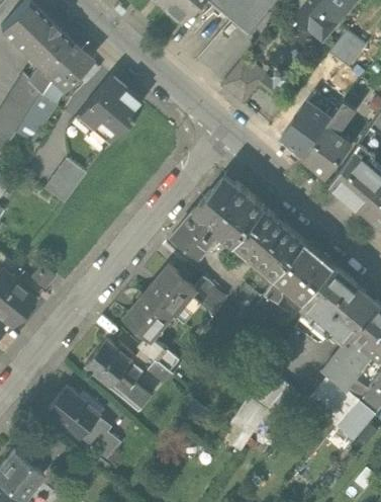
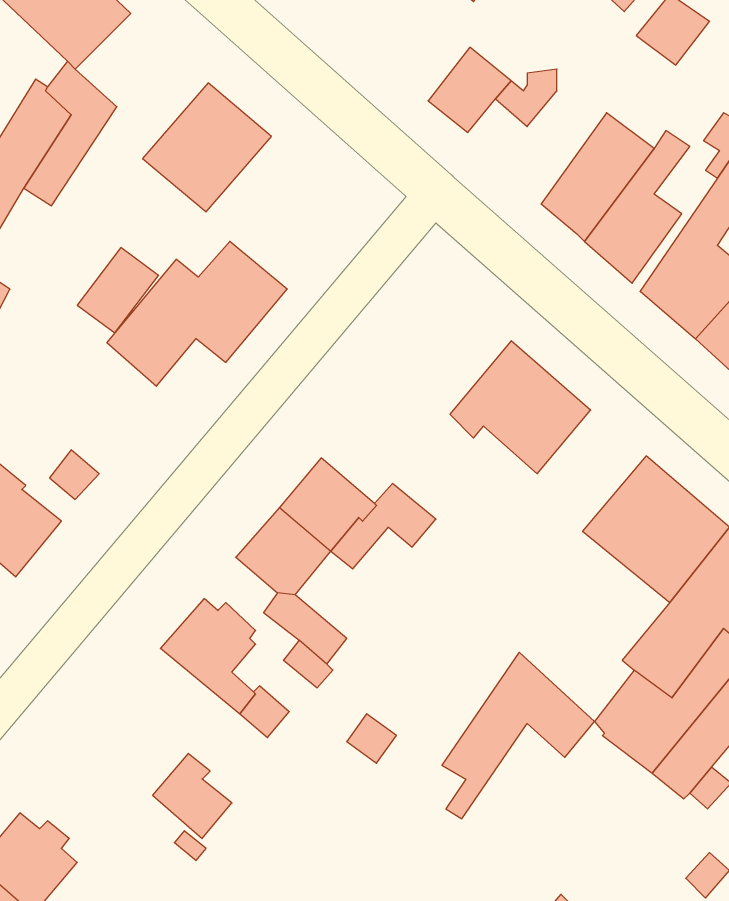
building: [42,41,92,89] -> none
building: [173,184,265,258] -> [107,241,287,386]
building: [266,244,334,306] -> none
building: [46,386,103,440] -> none

